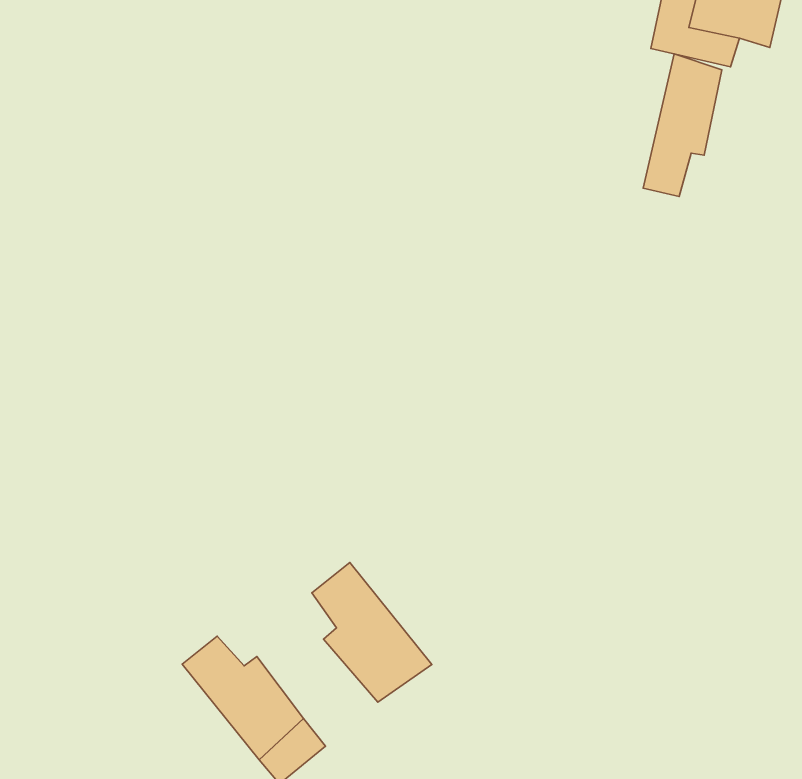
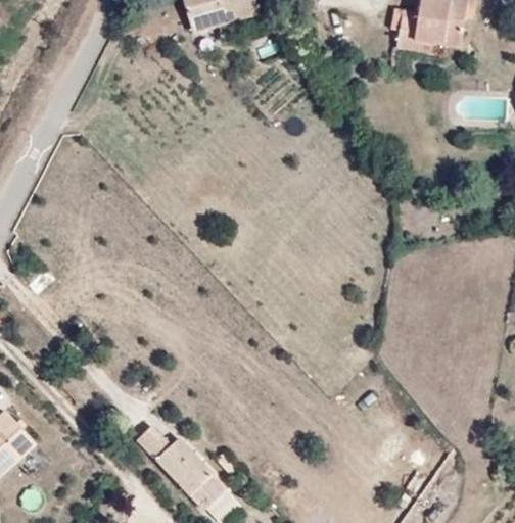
building: [643,54,722,196] -> none
building: [312,563,432,702] -> none

